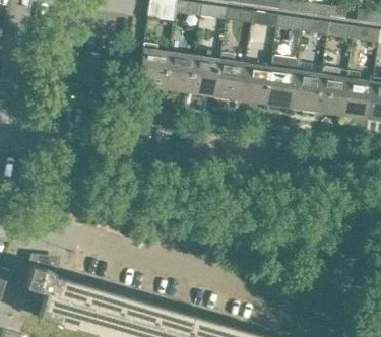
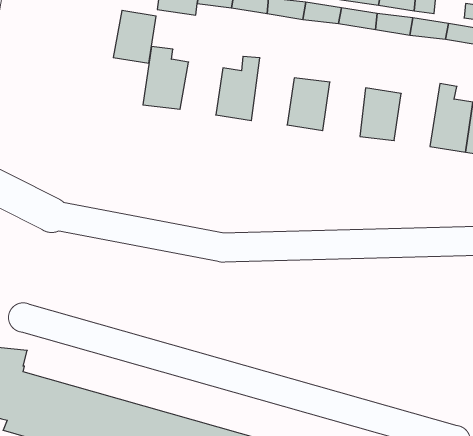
building: [213,51,244,98] -> none
building: [163,54,193,91] -> [113,10,156,63]
building: [264,56,297,107] -> none
building: [315,65,347,114] -> none

